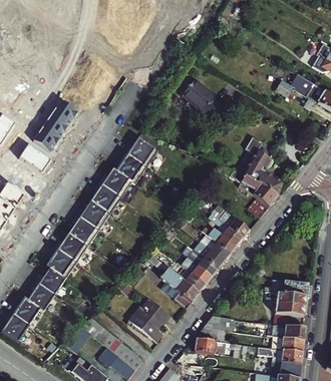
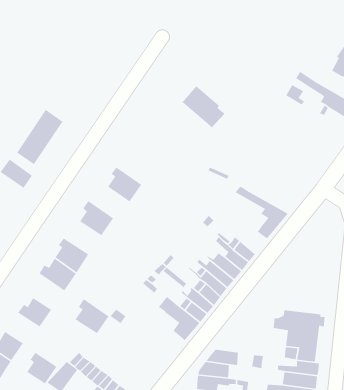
building: [124,136,159,168] -> none
building: [243,140,283,194] -> none
building: [99,168,133,199] -> none
building: [77,202,111,231] -> none
building: [47,248,78,280] -> [75,298,110,334]
building: [28,283,56,312] -> [26,352,58,385]
building: [134,301,169,341] -> none

